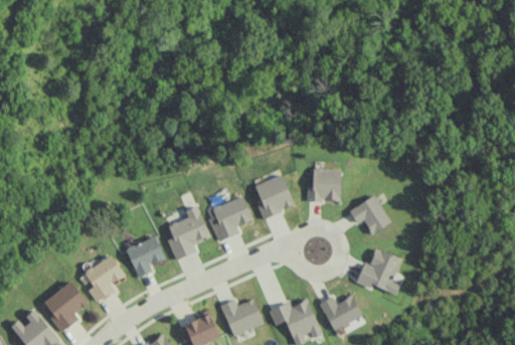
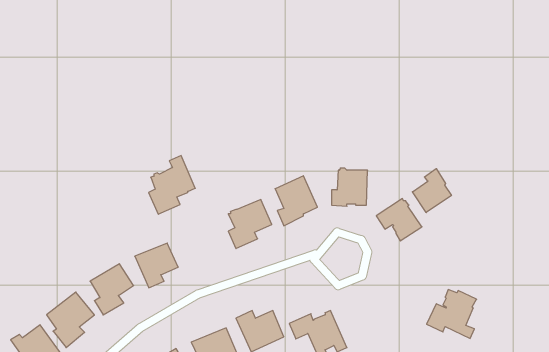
building: none -> [412,169,451,213]
building: [167,205,210,260] -> [149,156,195,214]
building: [355,248,401,294] -> [427,290,477,338]
building: [319,294,362,330] -> none

